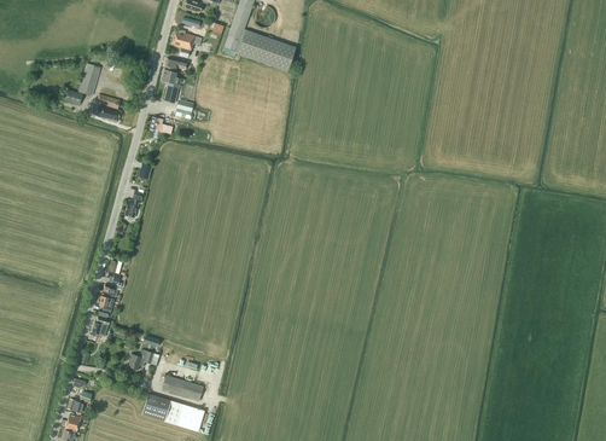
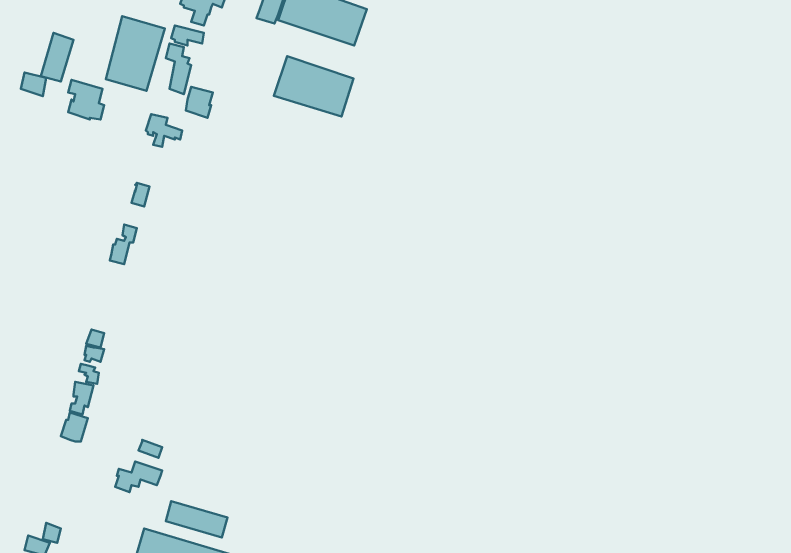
building: none -> [106,16,165,91]
building: none -> [274,56,354,116]

